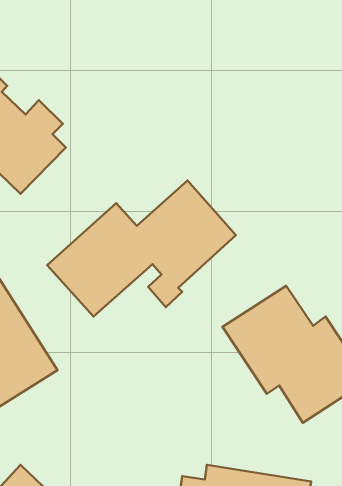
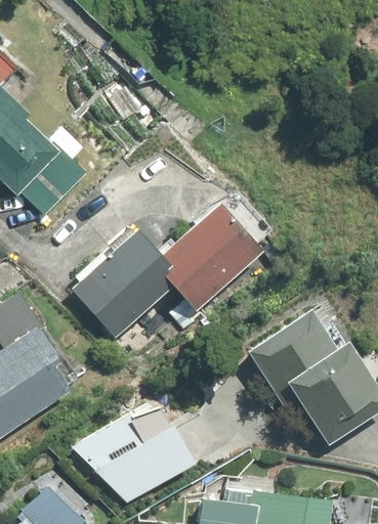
building: none -> [76,402,195,503]

